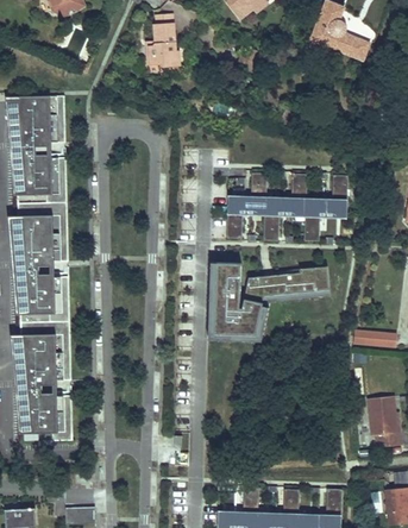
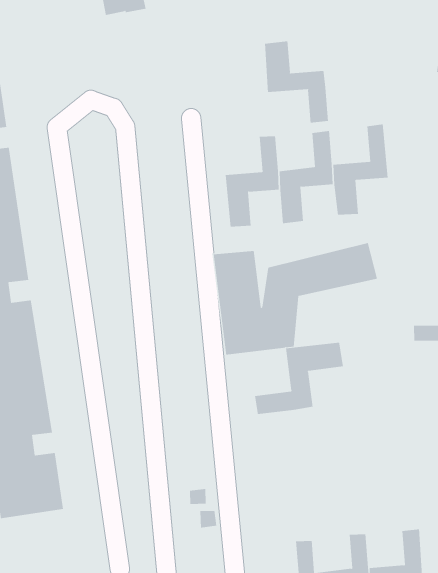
building: none -> [264,41,329,124]
building: none -> [254,342,343,415]

